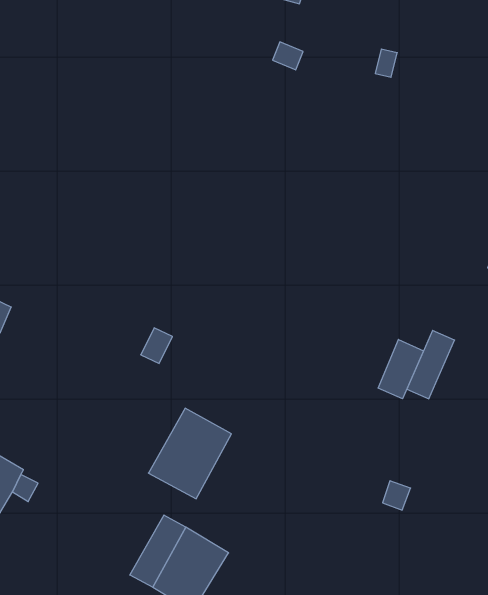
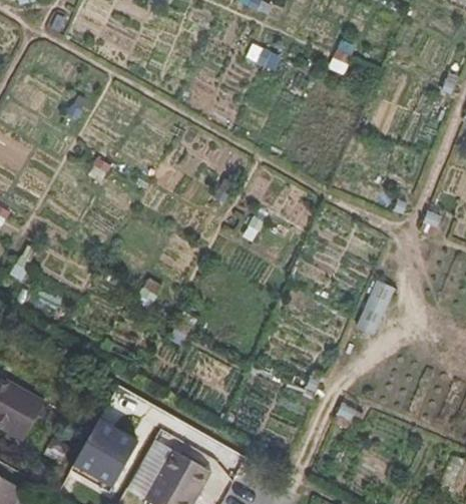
building: [378,339,424,399] -> none
building: [148,408,231,499] -> [68,416,136,490]

